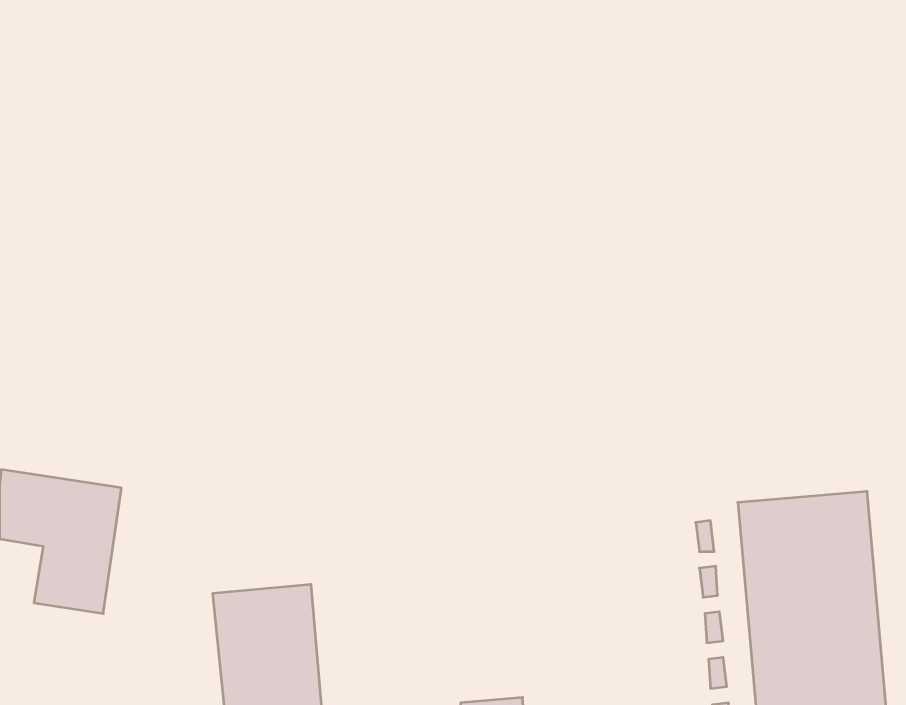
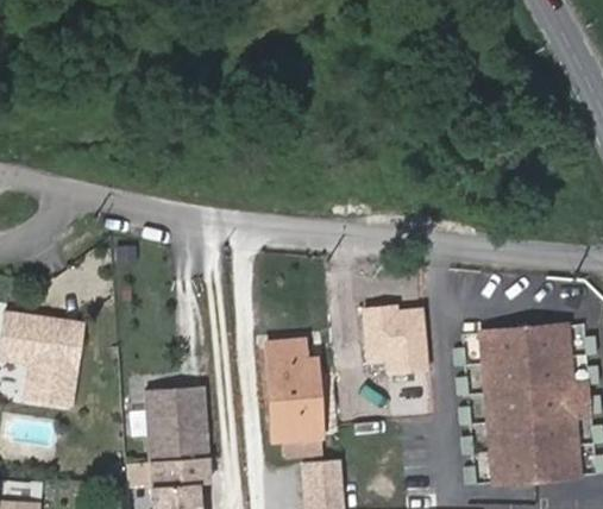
building: none -> [363,304,429,375]
building: none -> [268,341,324,458]

